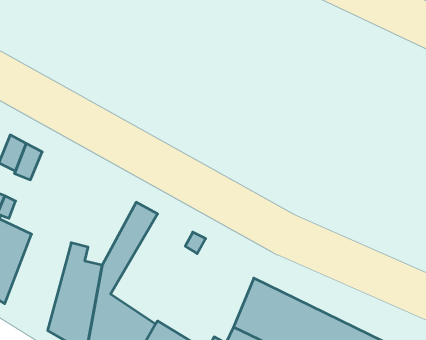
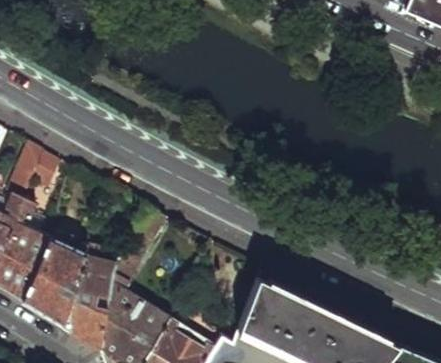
building: none -> [24,231,84,326]

